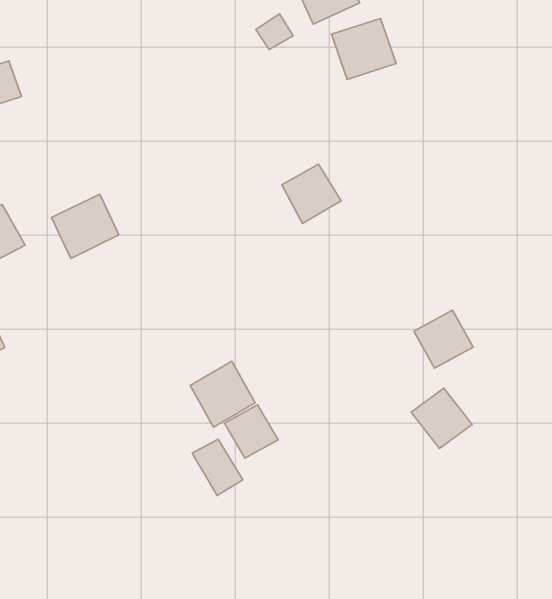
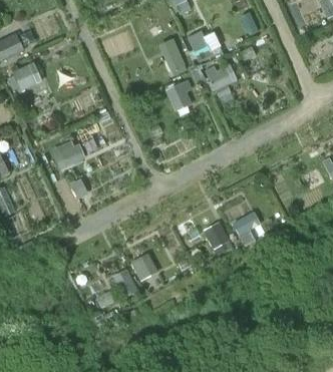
building: [282,164,341,224] -> [164,80,195,110]
building: [190,361,255,427] -> none
building: [411,388,472,449] -> [200,221,231,252]

